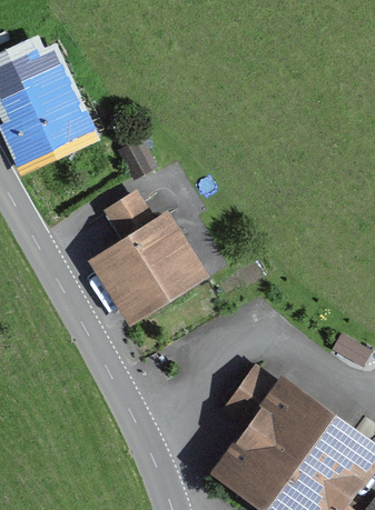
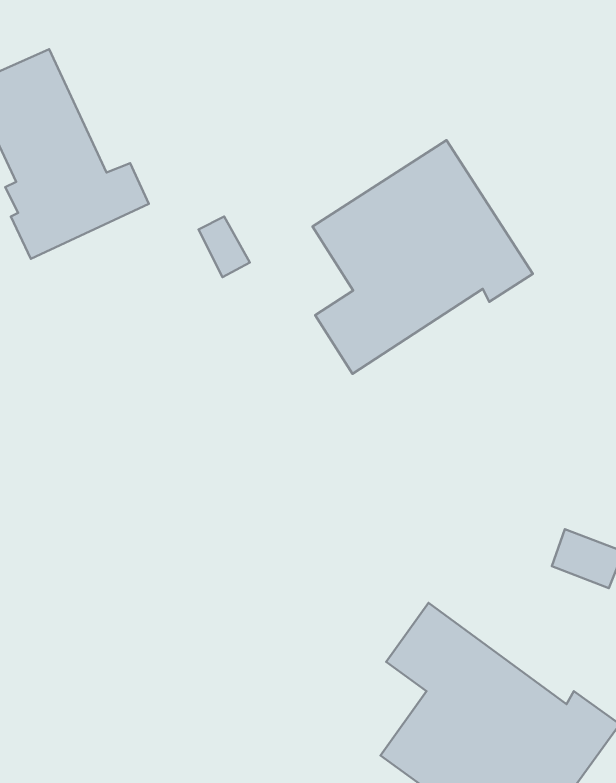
building: none -> [313,140,533,374]
building: [101,199,196,313] -> none

